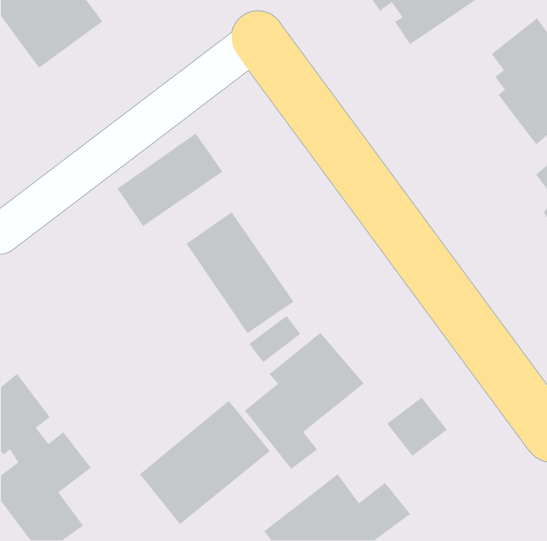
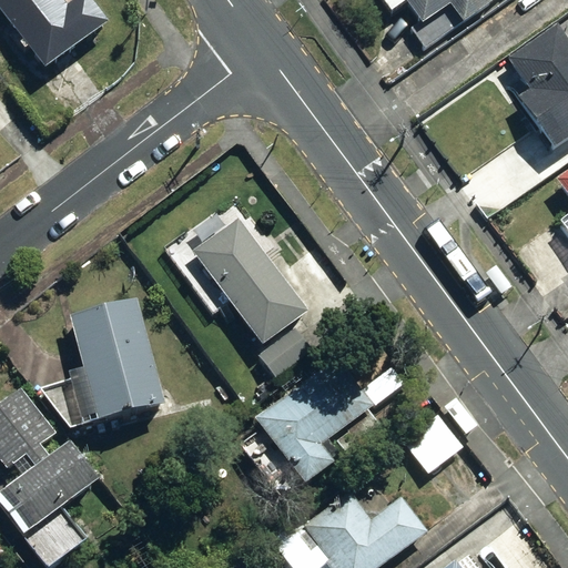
building: [116,133,223,227] -> none
building: none -> [41,297,164,430]
building: [139,400,271,525] -> none

